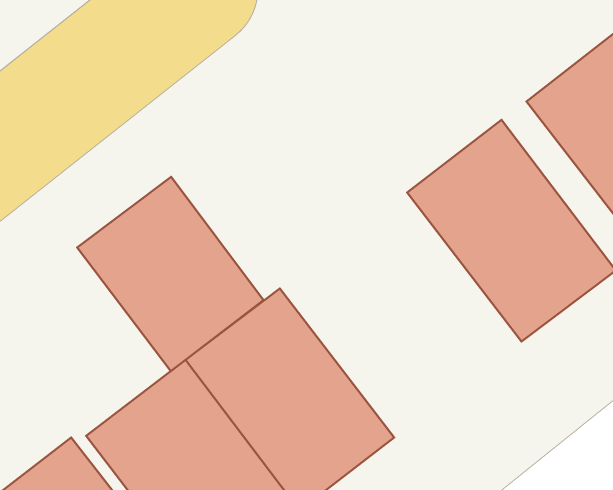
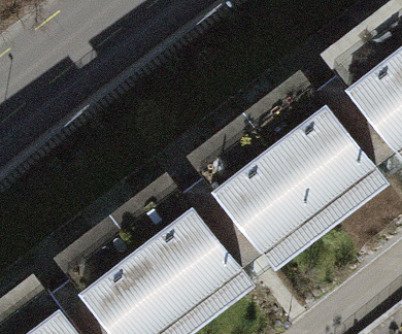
building: [77,177,263,371] -> none
building: none -> [203,140,336,280]

